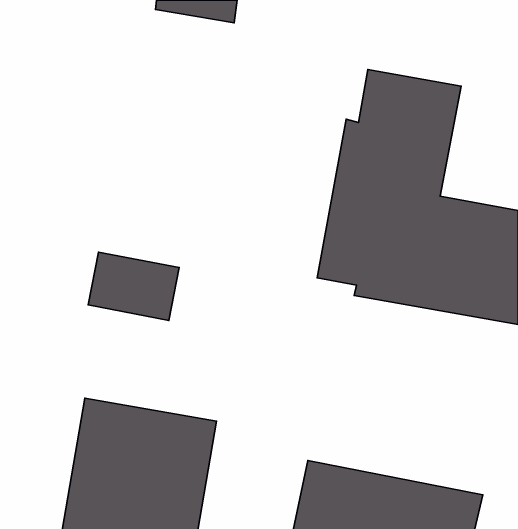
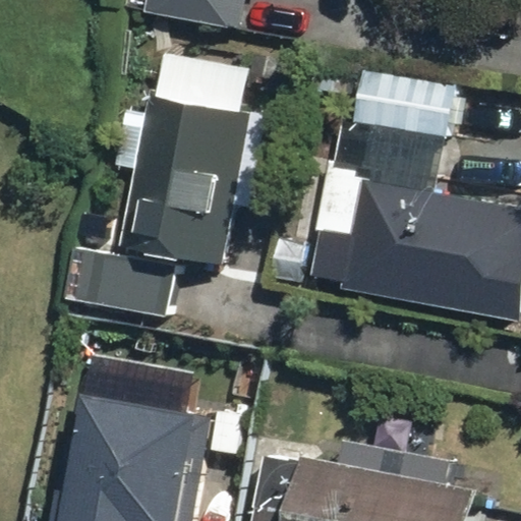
building: none -> [121,94,249,264]

